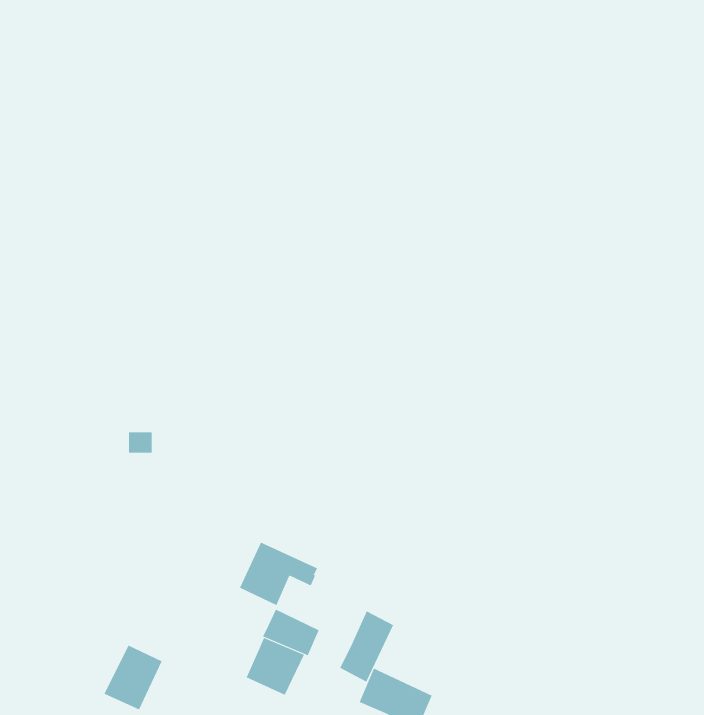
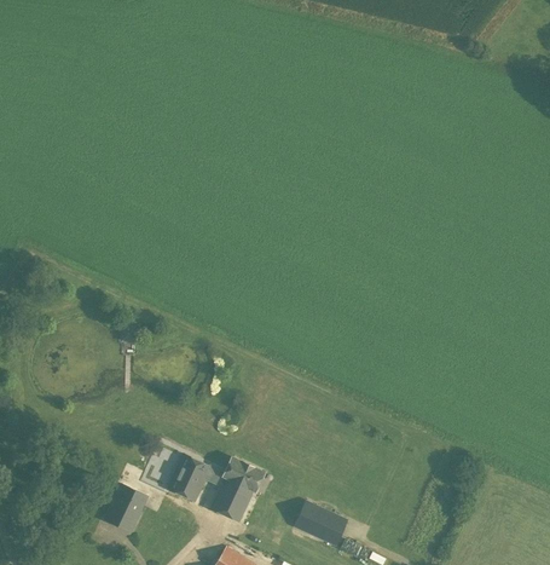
building: [239,542,318,606] -> [166,454,224,501]
building: [339,610,394,682] -> none

